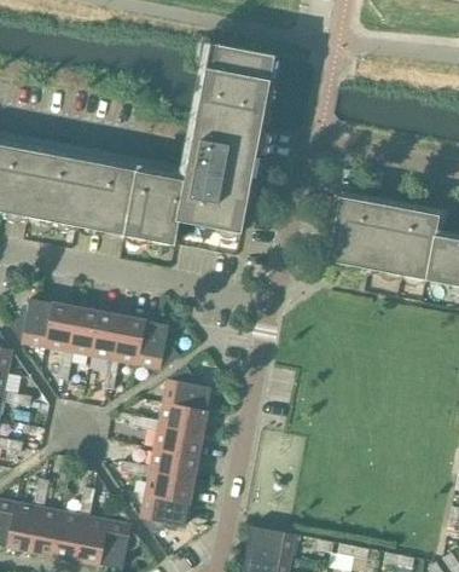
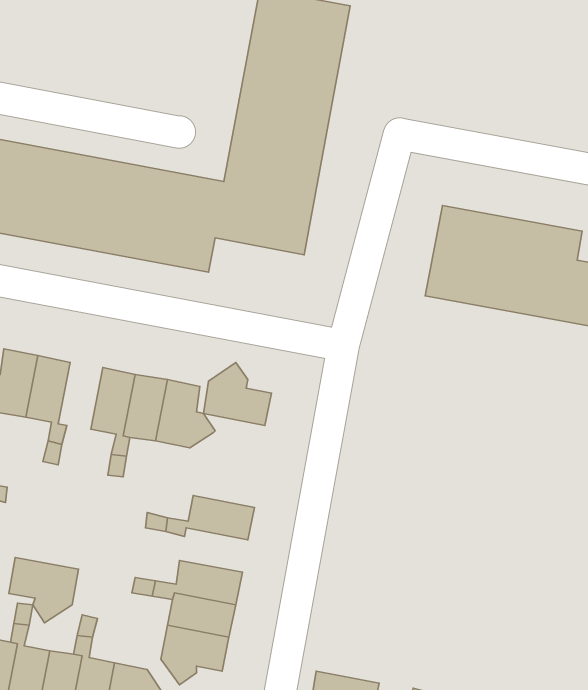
building: [68,307,99,354] -> none
building: [163,365,211,410] -> [203,362,272,426]
building: [153,424,202,456] -> none
building: none -> [9,558,79,623]

